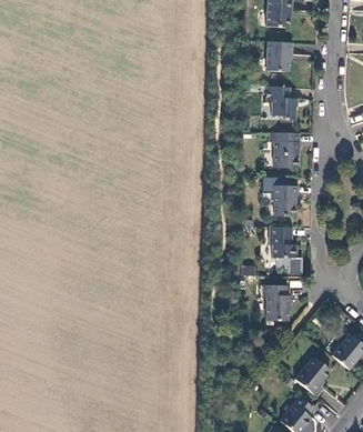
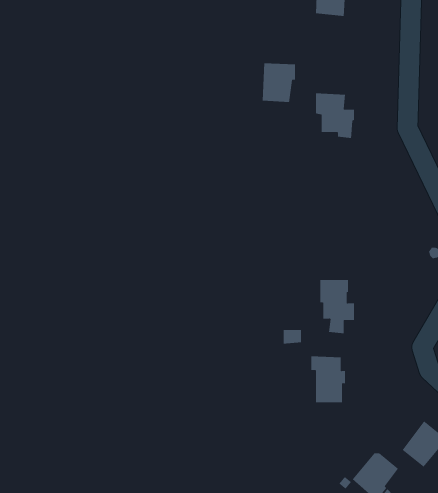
building: [266,41,292,71] -> [262,63,296,102]
building: [270,132,300,168] -> none
building: [271,184,298,215] -> none

